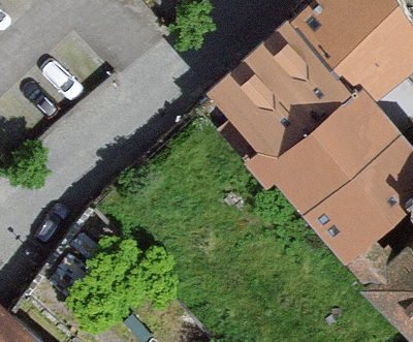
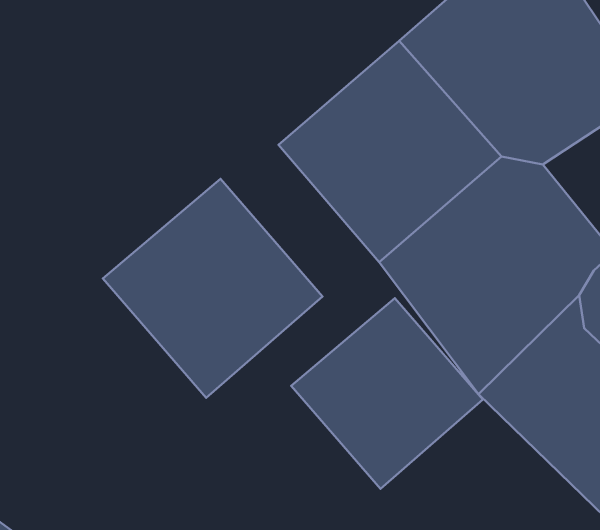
building: none -> [103,179,322,398]
building: none -> [291,298,483,489]

